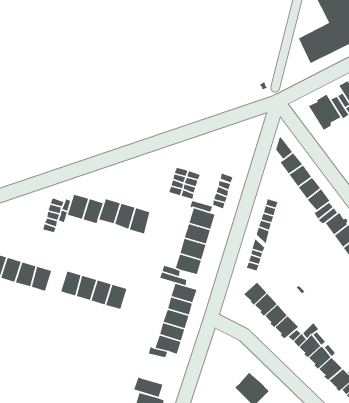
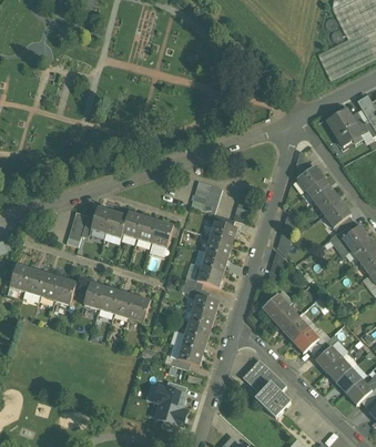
building: none -> [243,362,285,394]

